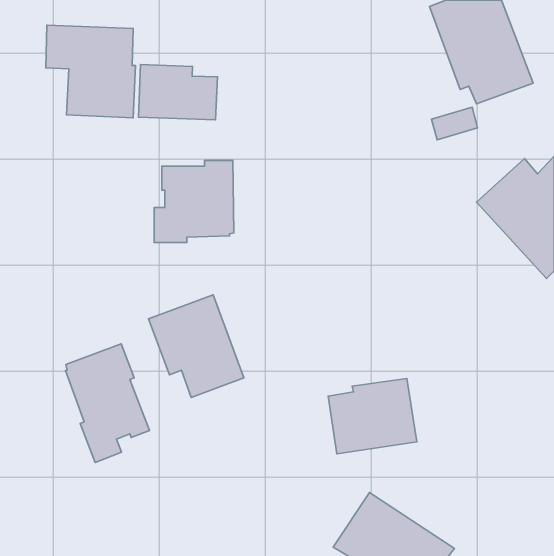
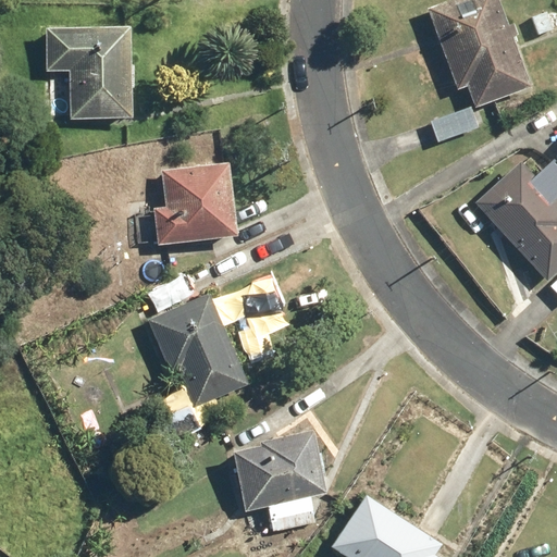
building: [139,64,217,120] -> none
building: [65,344,149,463] -> none
building: [328,379,417,454] -> [237,431,325,506]

